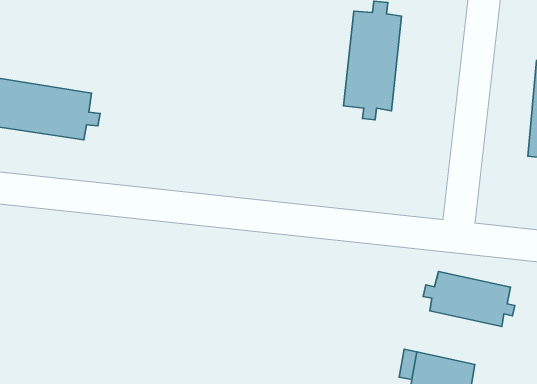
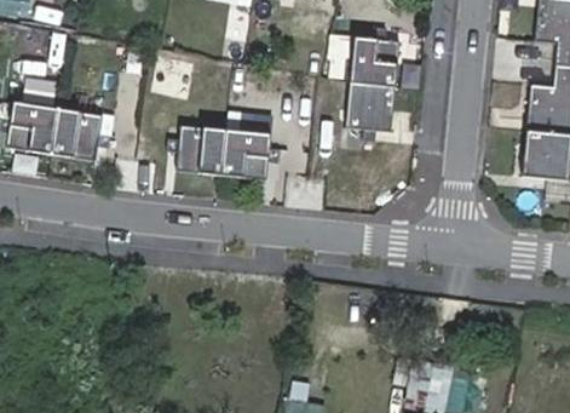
building: none -> [168,125,282,179]
building: [423,271,515,327] -> none

